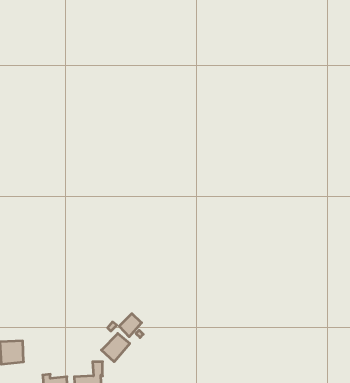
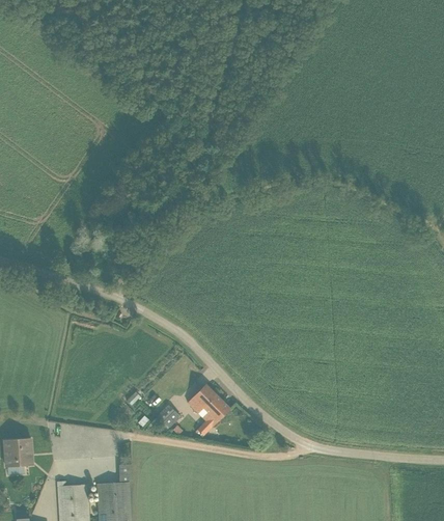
building: none -> [187,385,229,427]
building: [101,333,130,362] -> none

